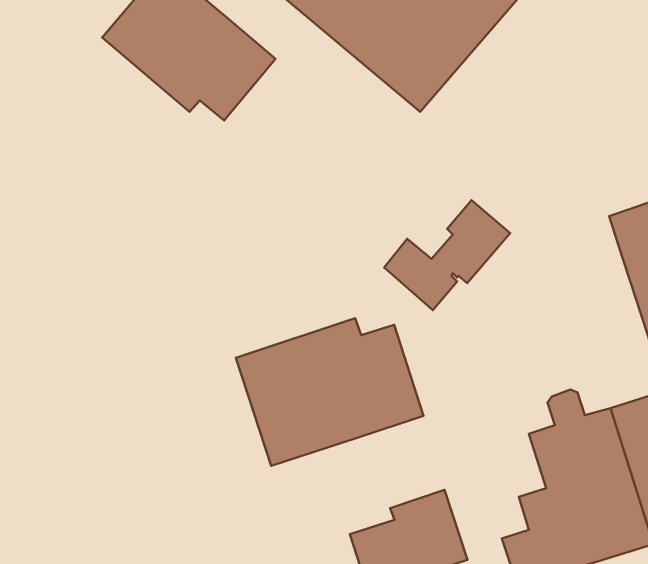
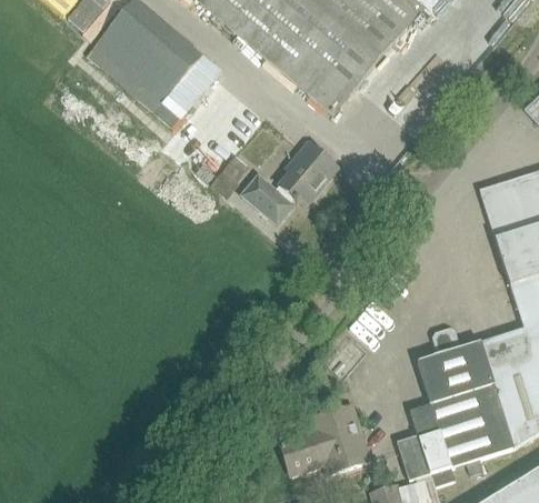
building: none -> [211,155,250,197]
building: [384,200,510,310] -> [240,142,338,228]
building: [236,318,424,466] -> none

